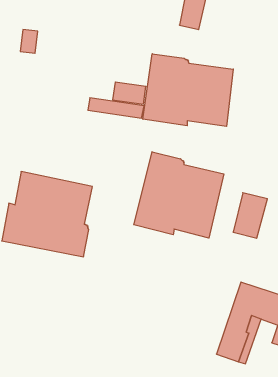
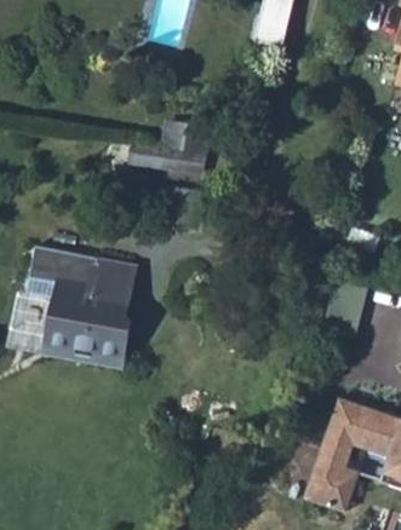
building: [143,54,233,126] -> none
building: [134,152,224,238] -> none

